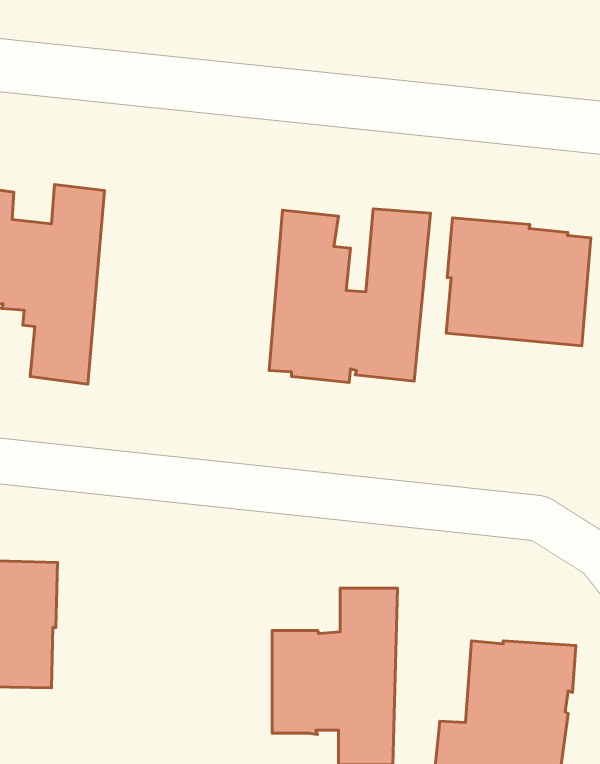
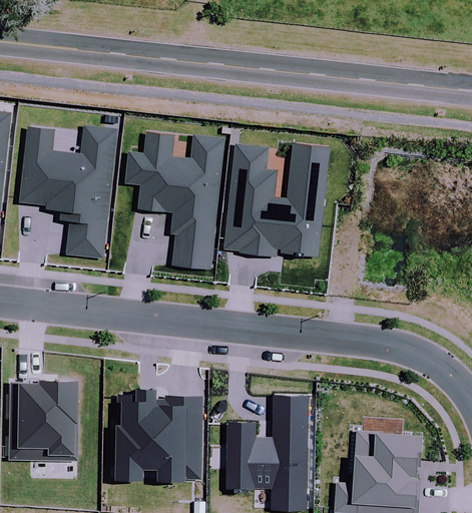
building: none -> [125,134,225,270]
building: [446,218,591,346] -> none
building: none -> [111,386,204,481]

